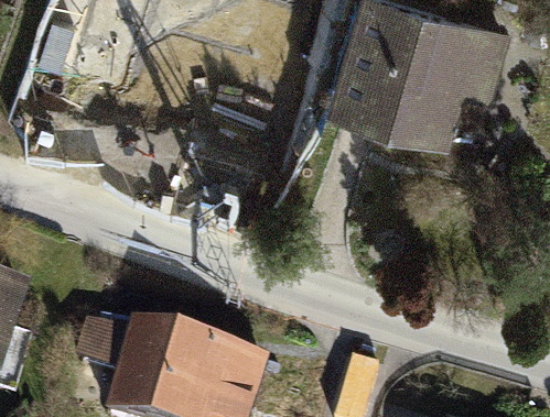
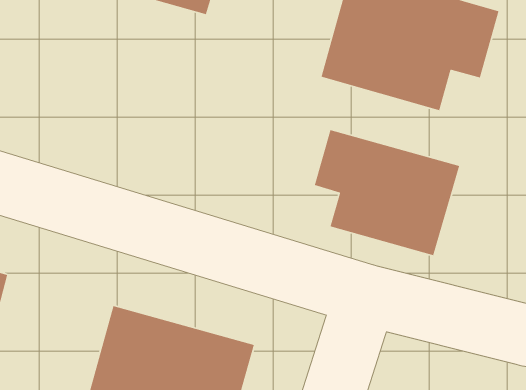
building: none -> [314,129,460,256]

